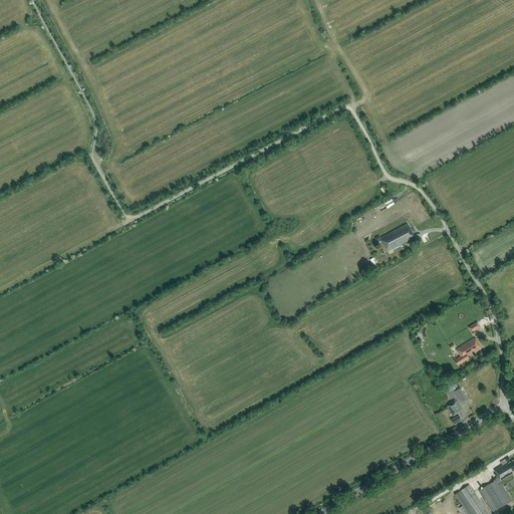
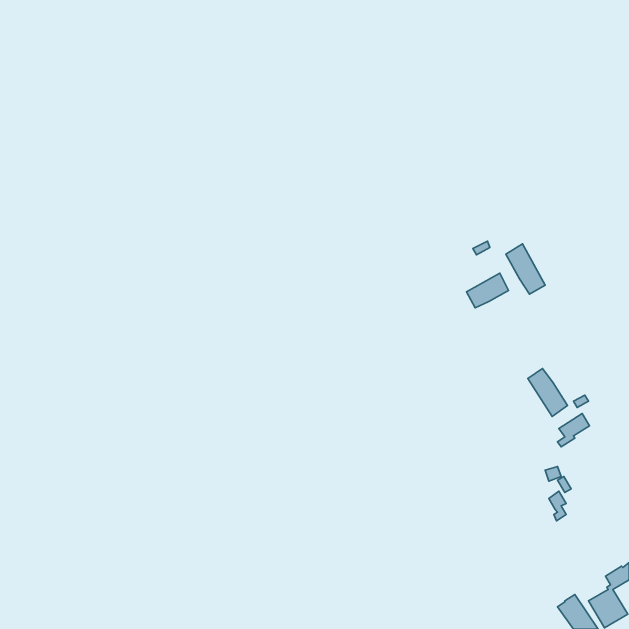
building: none -> [506,244,545,294]
building: none -> [528,369,567,417]

